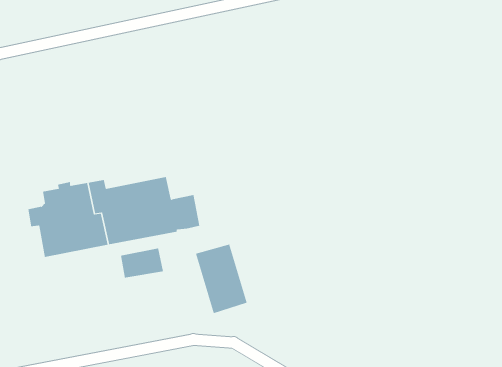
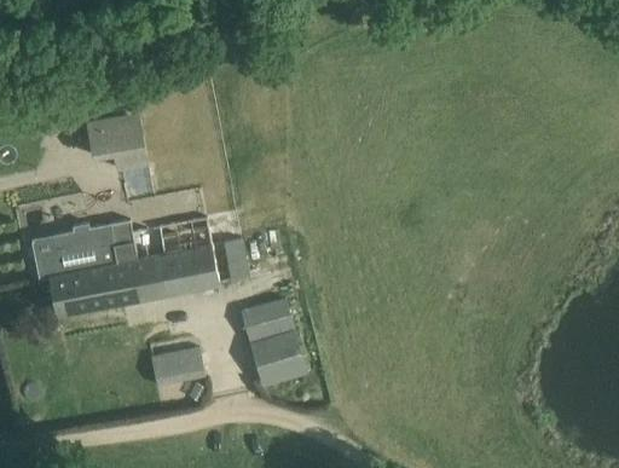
building: none -> [86,116,147,172]
building: [120,248,164,278] -> [152,348,206,386]

